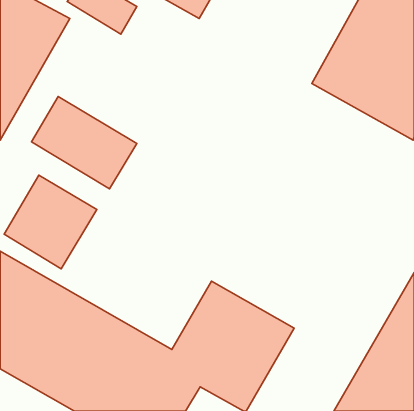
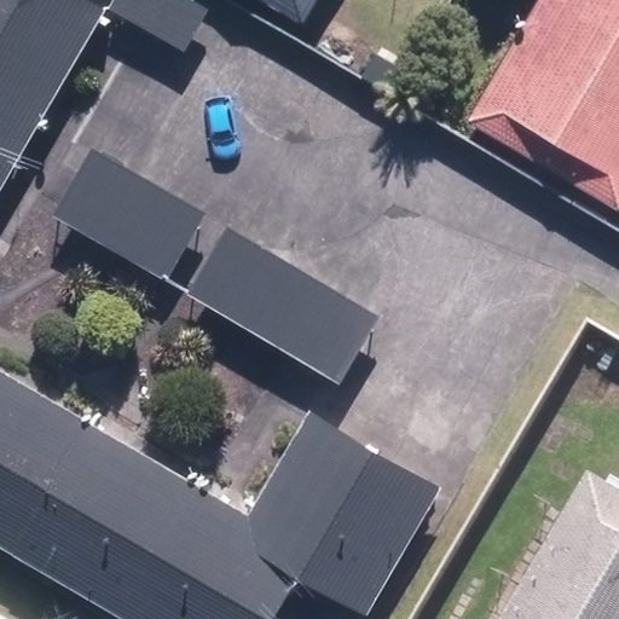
building: none -> [183,225,381,388]
building: [4,175,97,269] -> none

